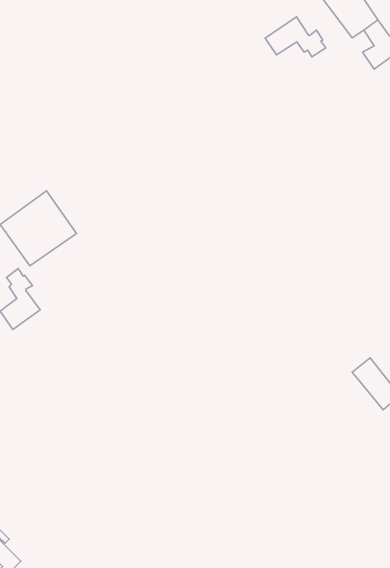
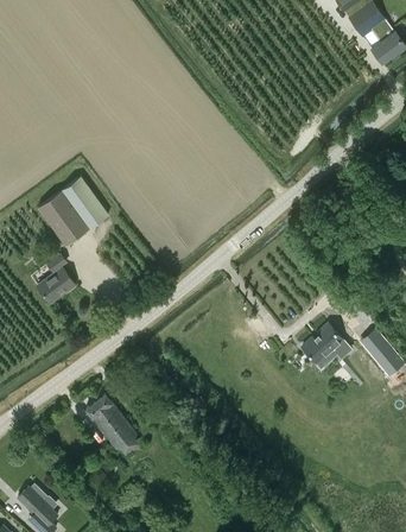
building: [265,17,326,57] -> none
building: none -> [296,324,350,376]
building: none -> [85,394,135,450]

